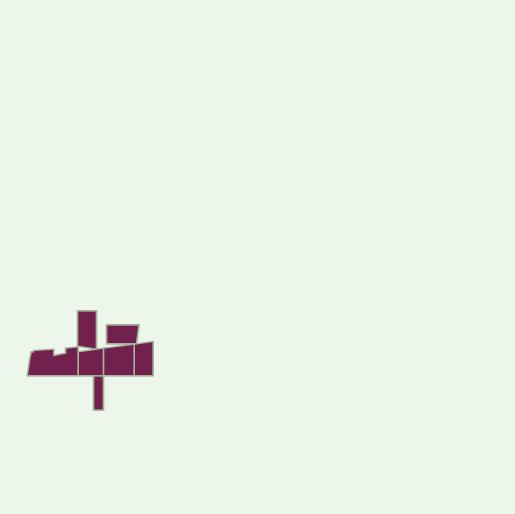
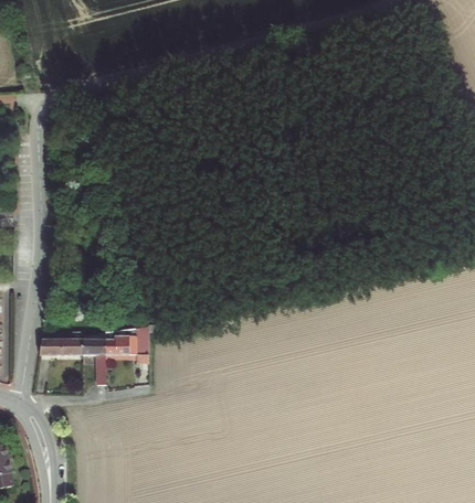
building: [78,311,97,349] -> none
building: [107,325,139,344] -> none

